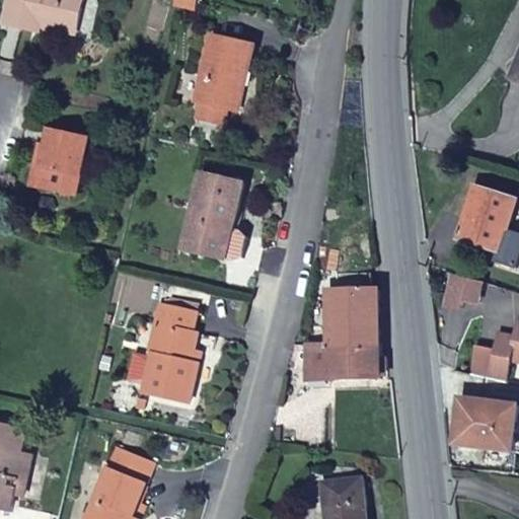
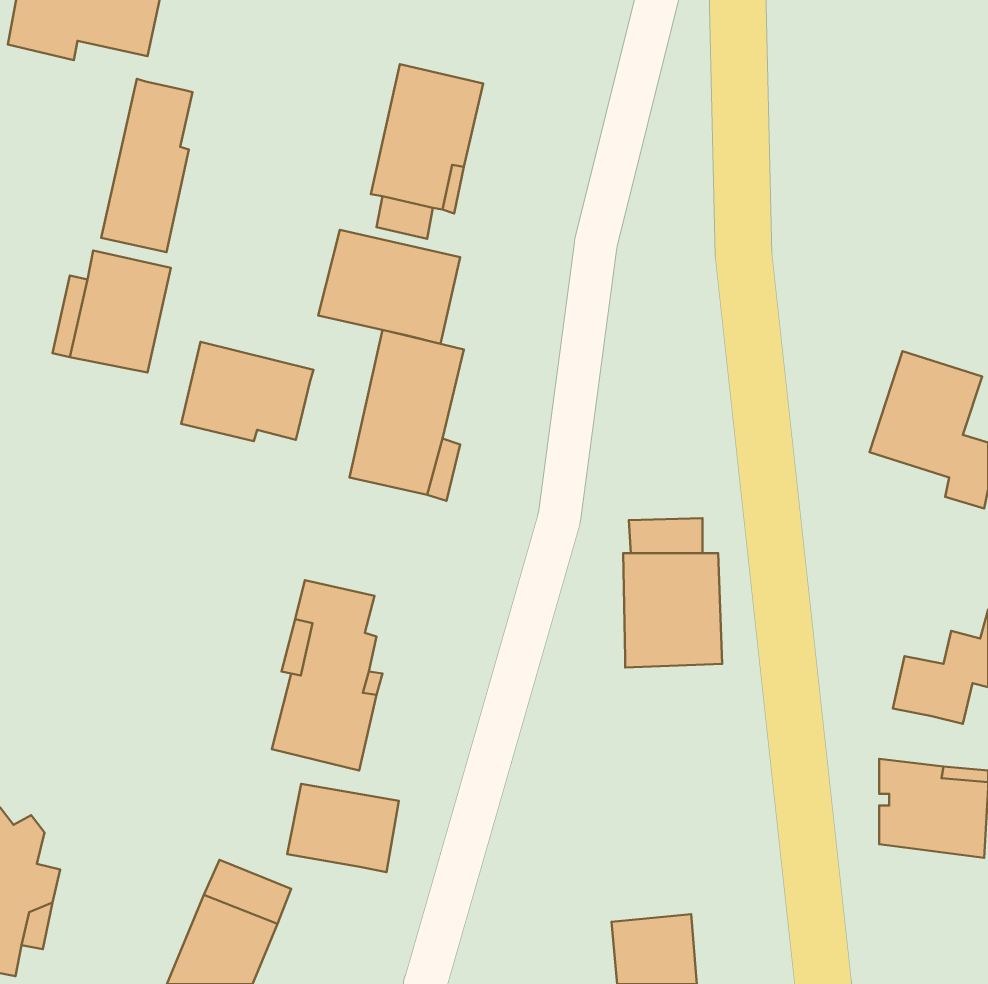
building: none -> [101,79,192,252]
building: none -> [318,230,460,344]
building: none -> [181,342,313,441]
building: [440,272,479,304] -> none
building: [305,344,378,379] -> none
building: none -> [287,784,399,872]

